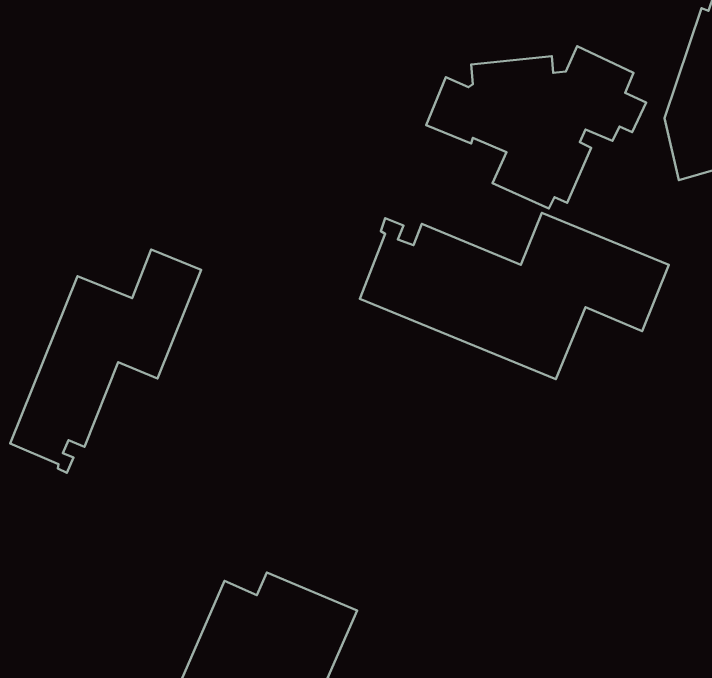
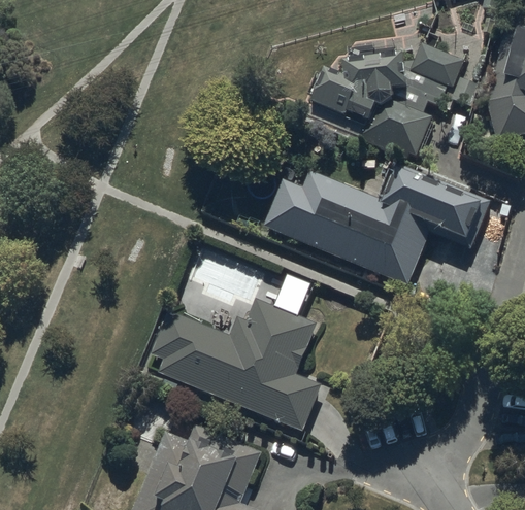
building: [10,249,201,473] -> none
building: none -> [152,301,321,430]

